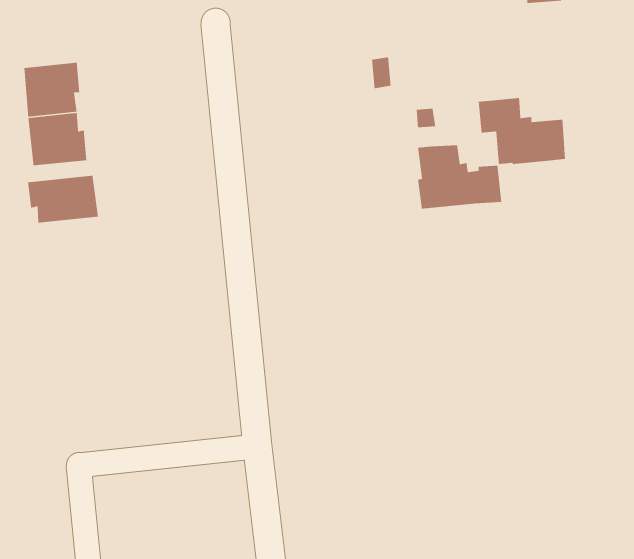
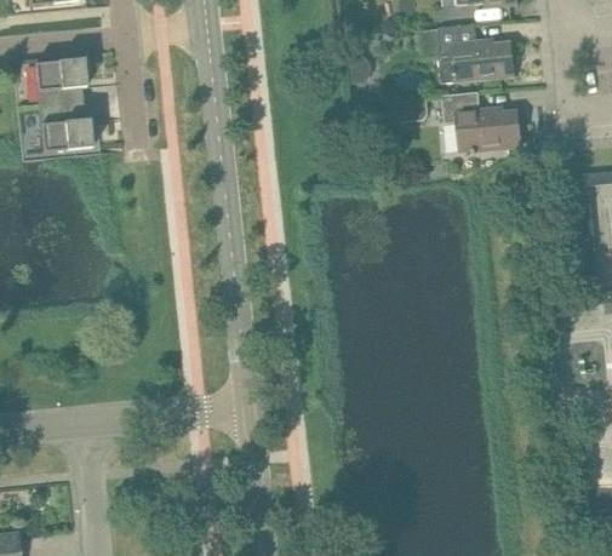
building: [417,144,502,209] -> [437,24,514,82]
building: [27,175,99,224] -> none

